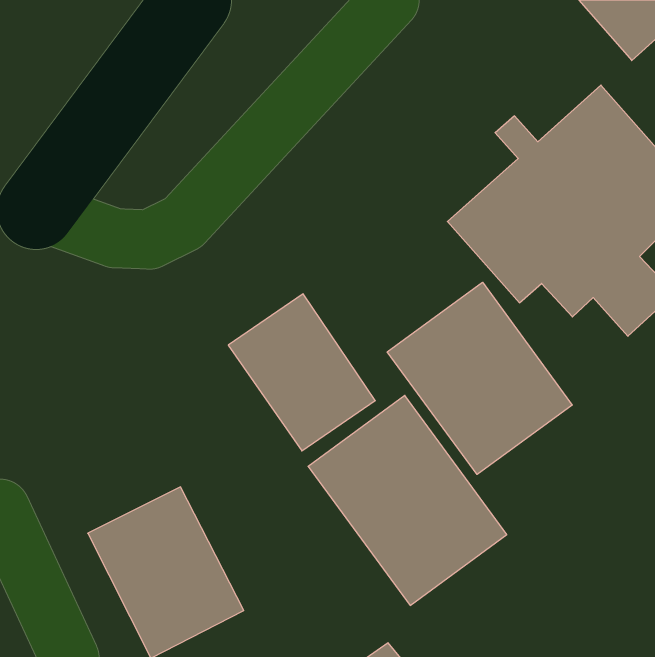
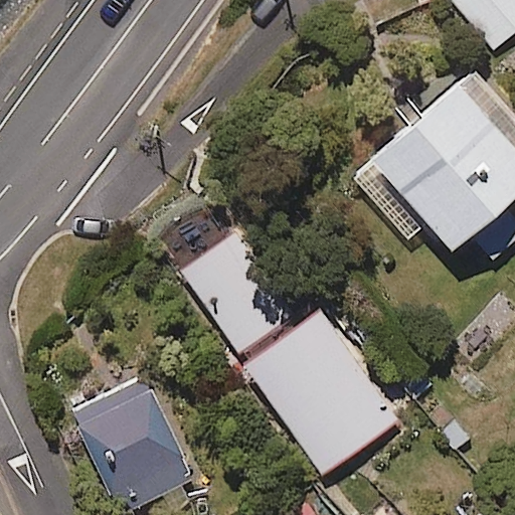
building: [387,282,572,474] -> none

